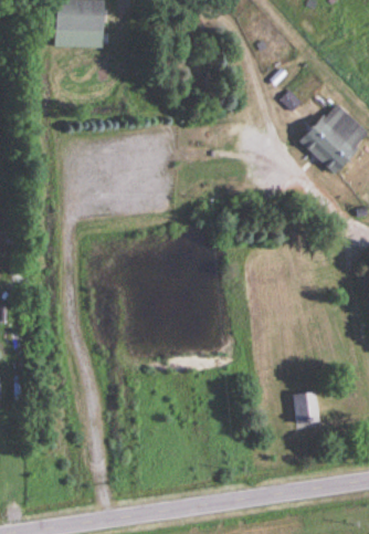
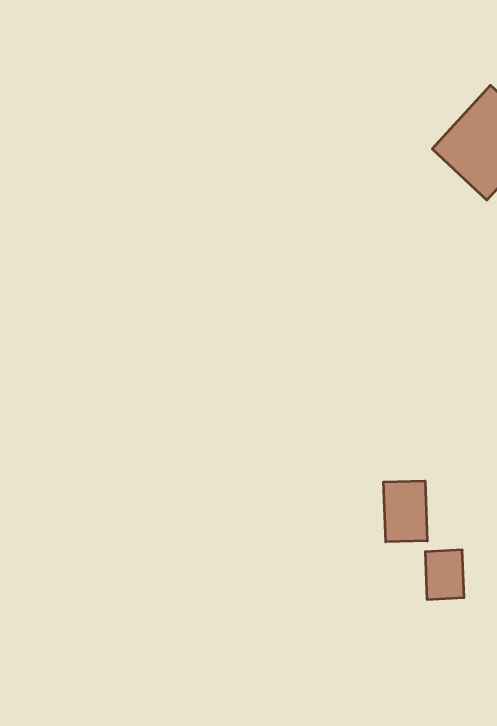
building: none -> [384,481,427,542]

